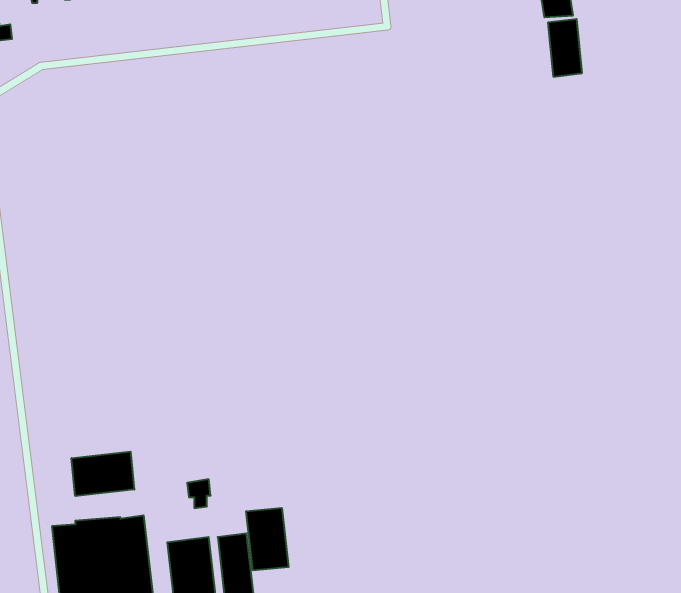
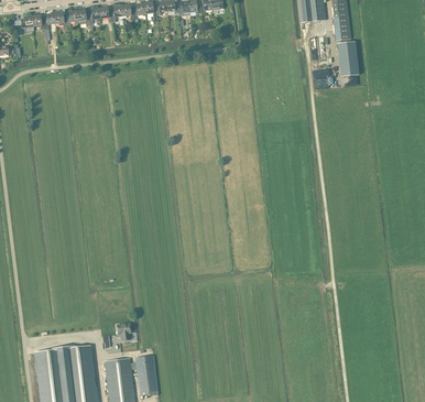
building: [72,452,134,496] -> none
building: [246,508,289,570] -> none

